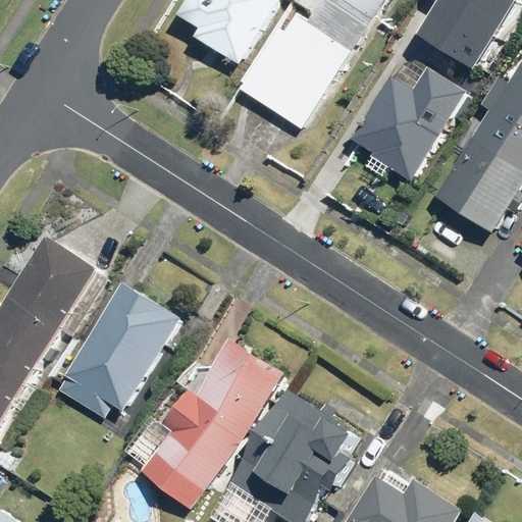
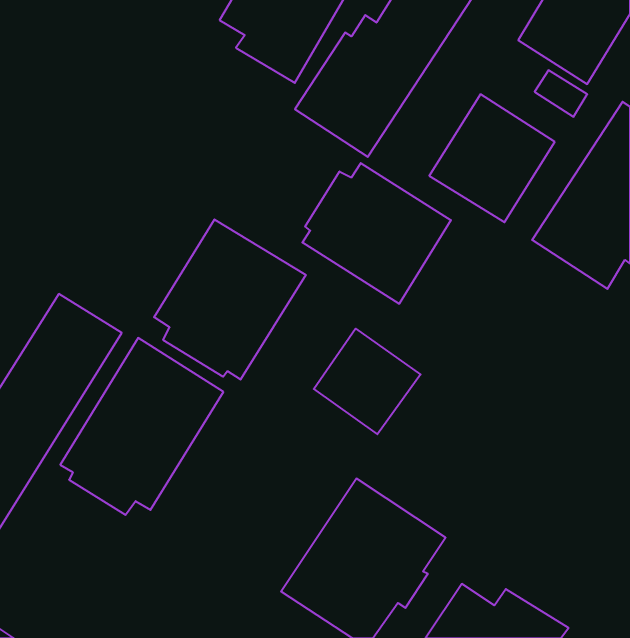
building: none -> [302,163,451,304]
building: none -> [154,219,306,380]
building: none -> [314,329,421,434]
building: [141,338,285,509] -> none

